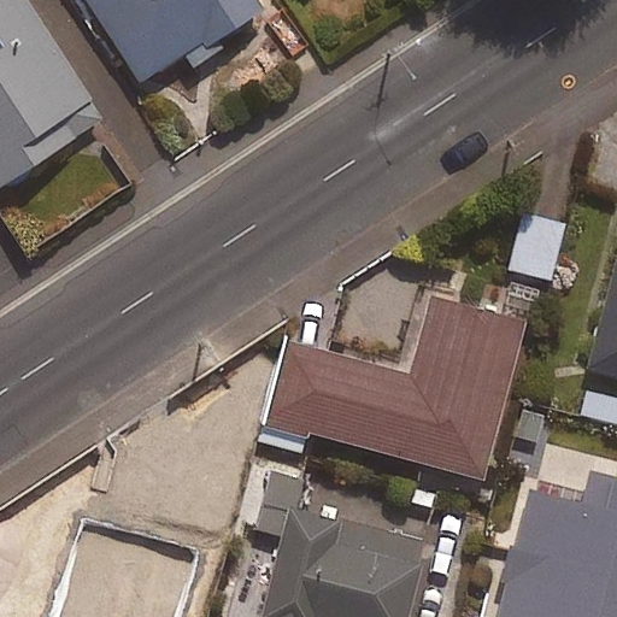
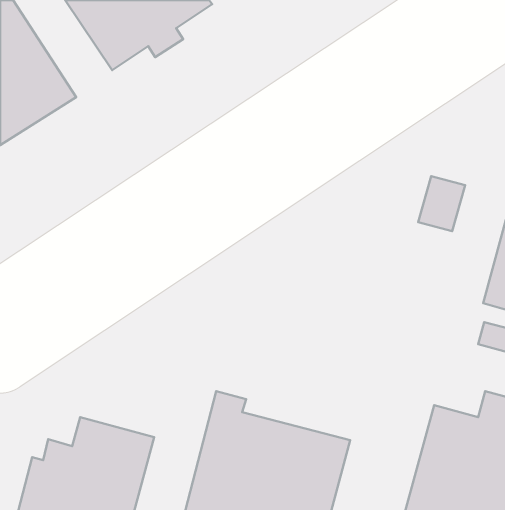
building: [260,296,524,478] -> none

